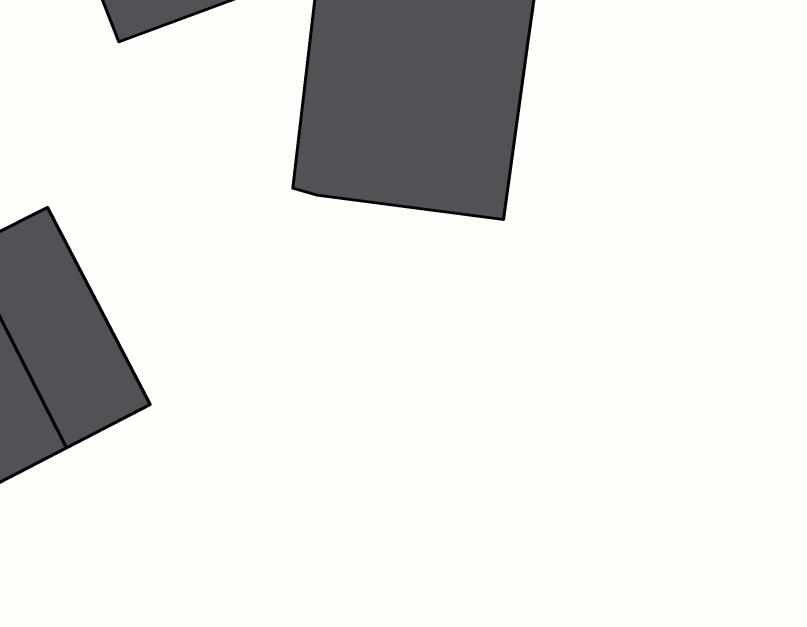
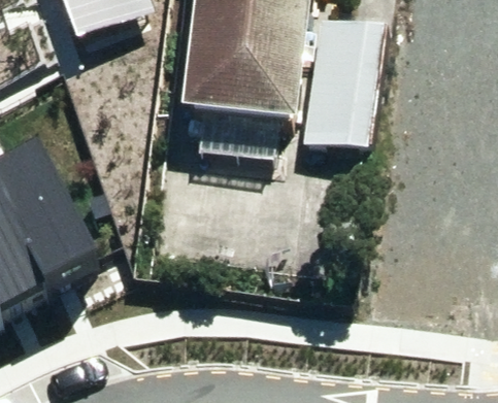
building: none -> [305,32,387,147]

